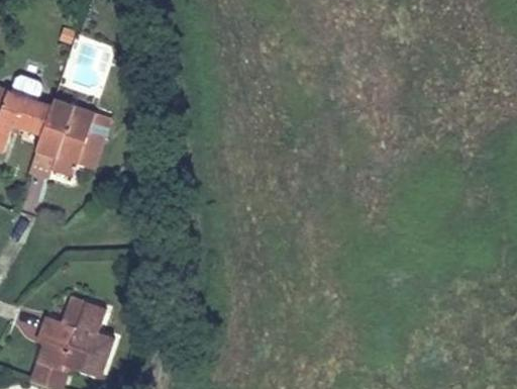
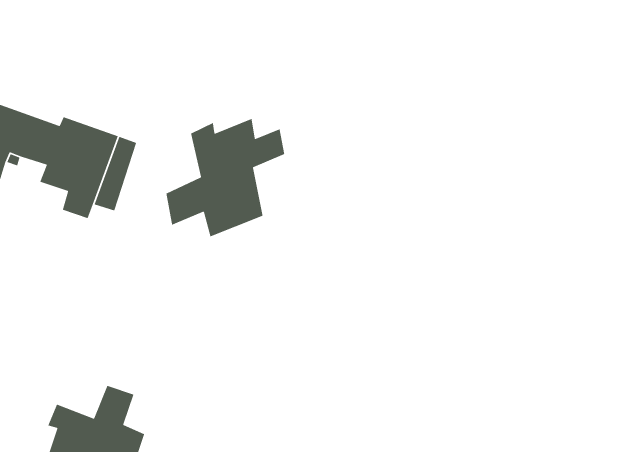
building: none -> [166,118,285,238]

